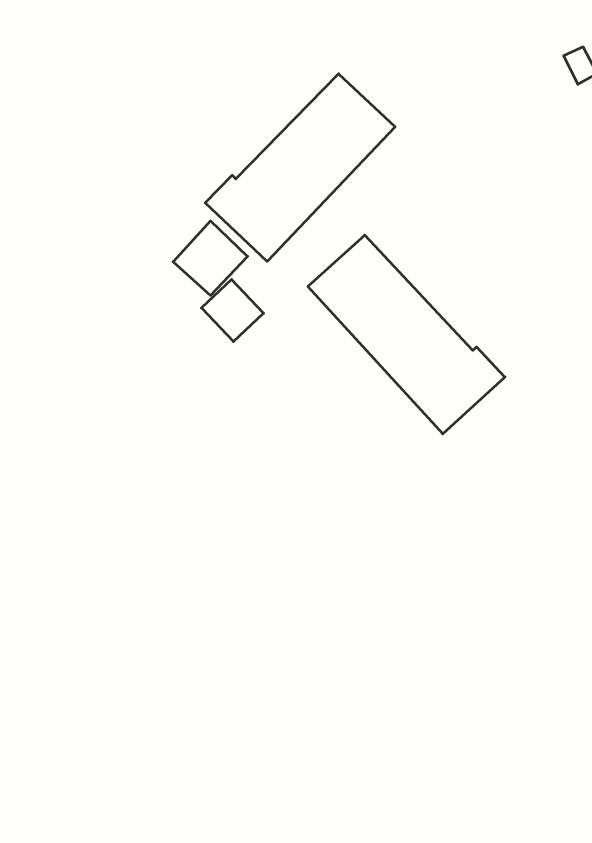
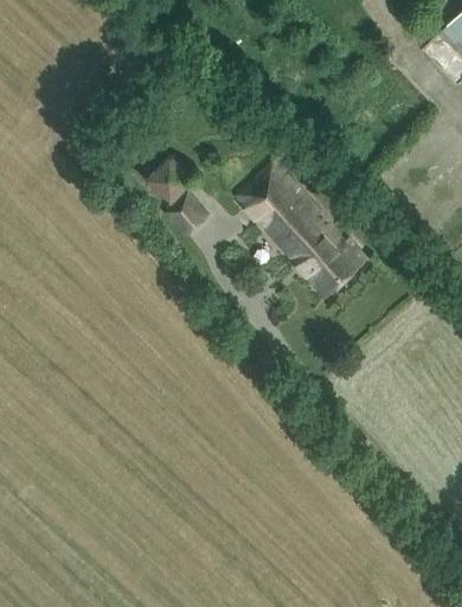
building: [205,74,395,261] -> none

